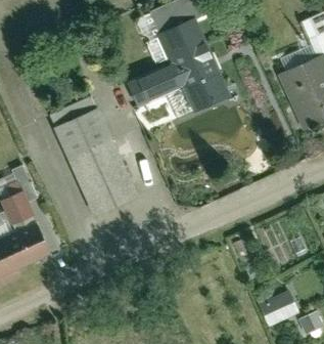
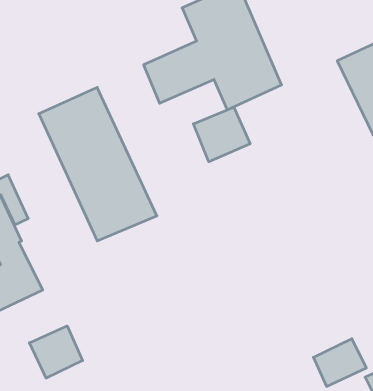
building: none -> [193,107,250,162]
building: none -> [29,326,83,378]

